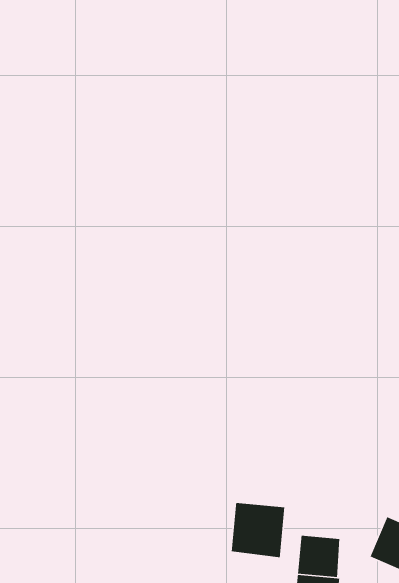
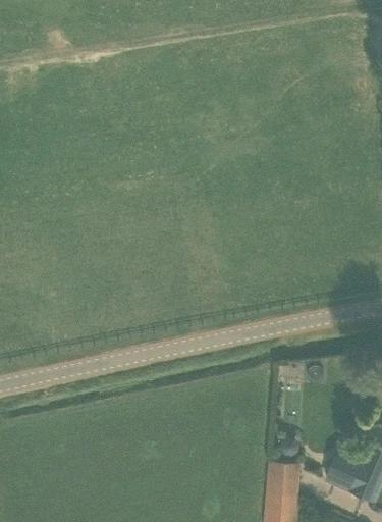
building: [231,502,285,558] -> none

